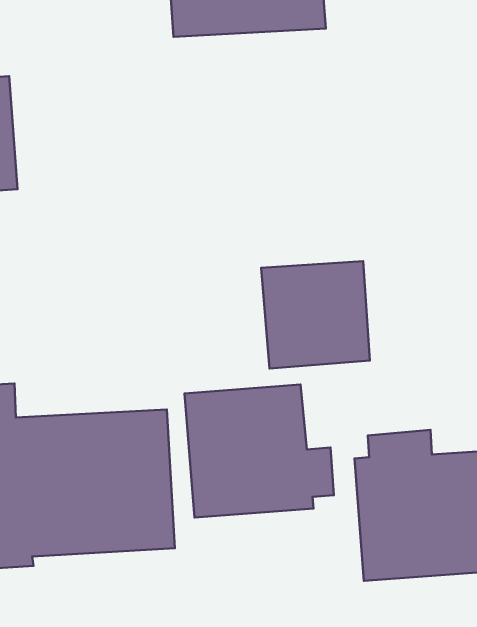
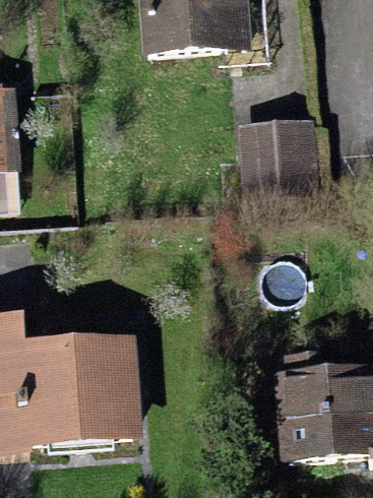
building: [261,261,370,369] -> [238,119,319,199]
building: [184,385,334,518] -> none

